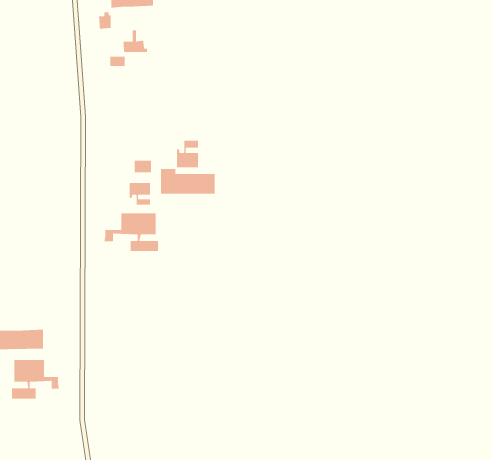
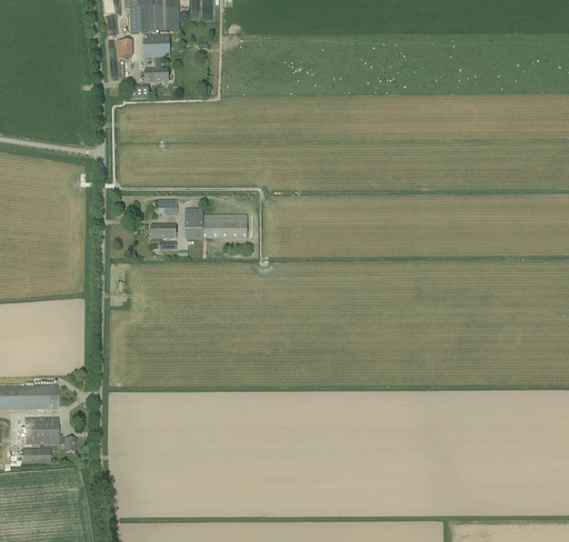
building: none -> [142,31,169,57]
building: [176,140,199,168] -> none
building: [103,212,159,252] -> none

